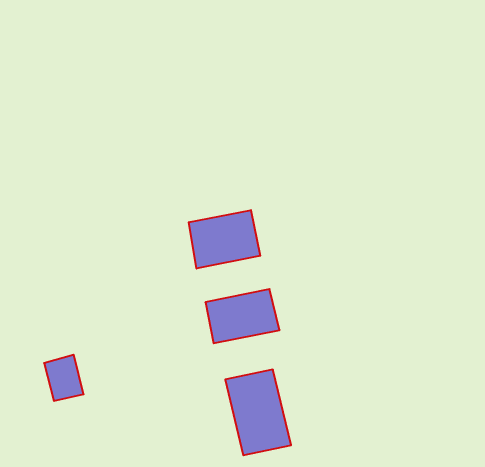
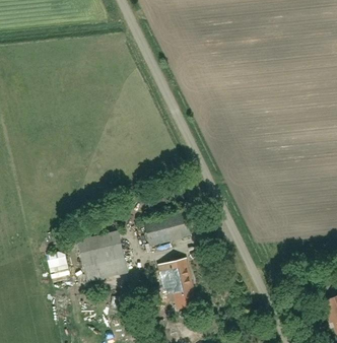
building: [189,210,260,269] -> none
building: none -> [77,230,128,281]

